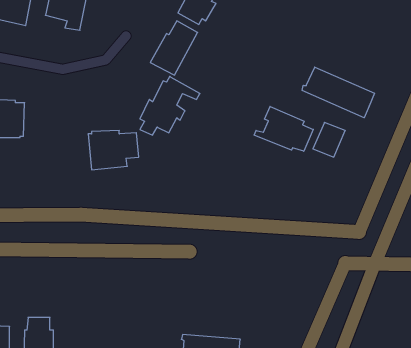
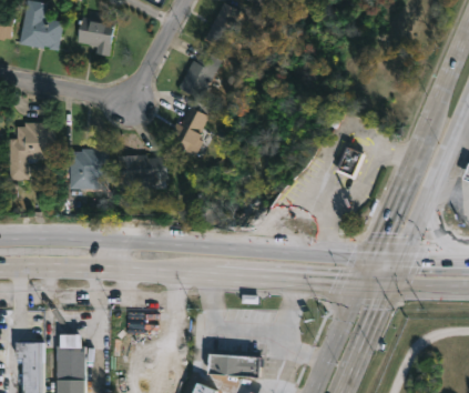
building: [302,67,375,118] -> none
building: [254,106,313,151] -> none
building: none -> [70,148,110,189]

